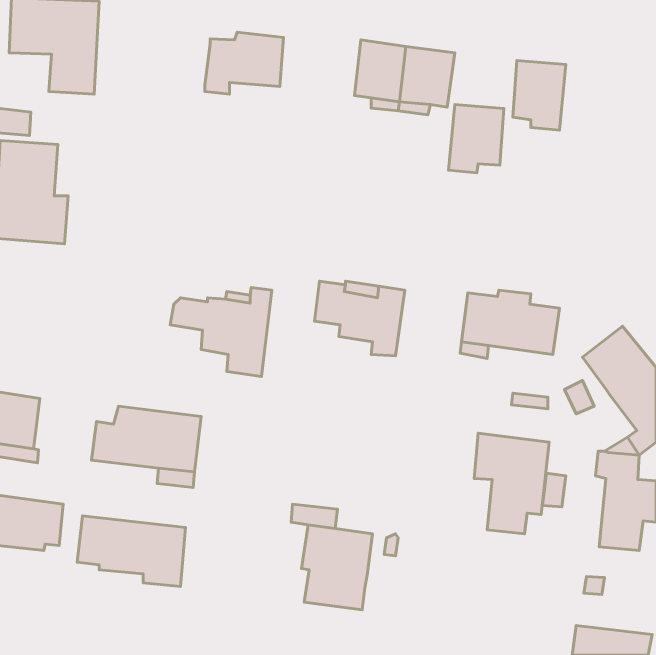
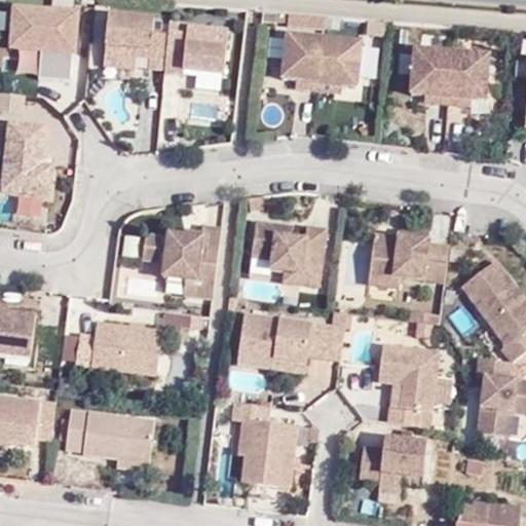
building: none -> [104,14,167,68]
building: [448,105,504,173] -> [446,51,490,106]
building: none -> [237,316,343,373]
building: none -> [359,438,424,497]

